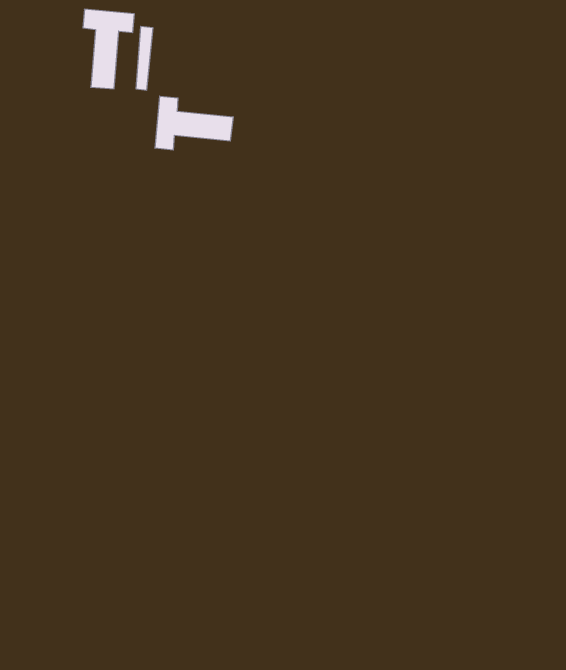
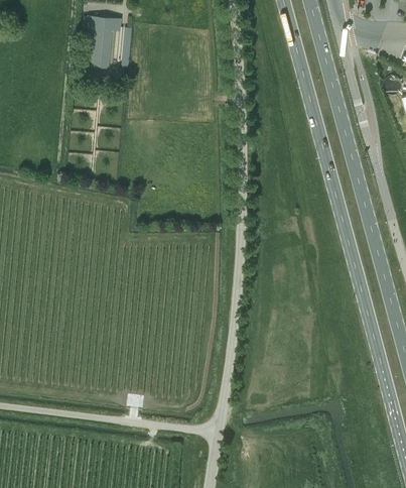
building: [155,96,233,150] -> none

